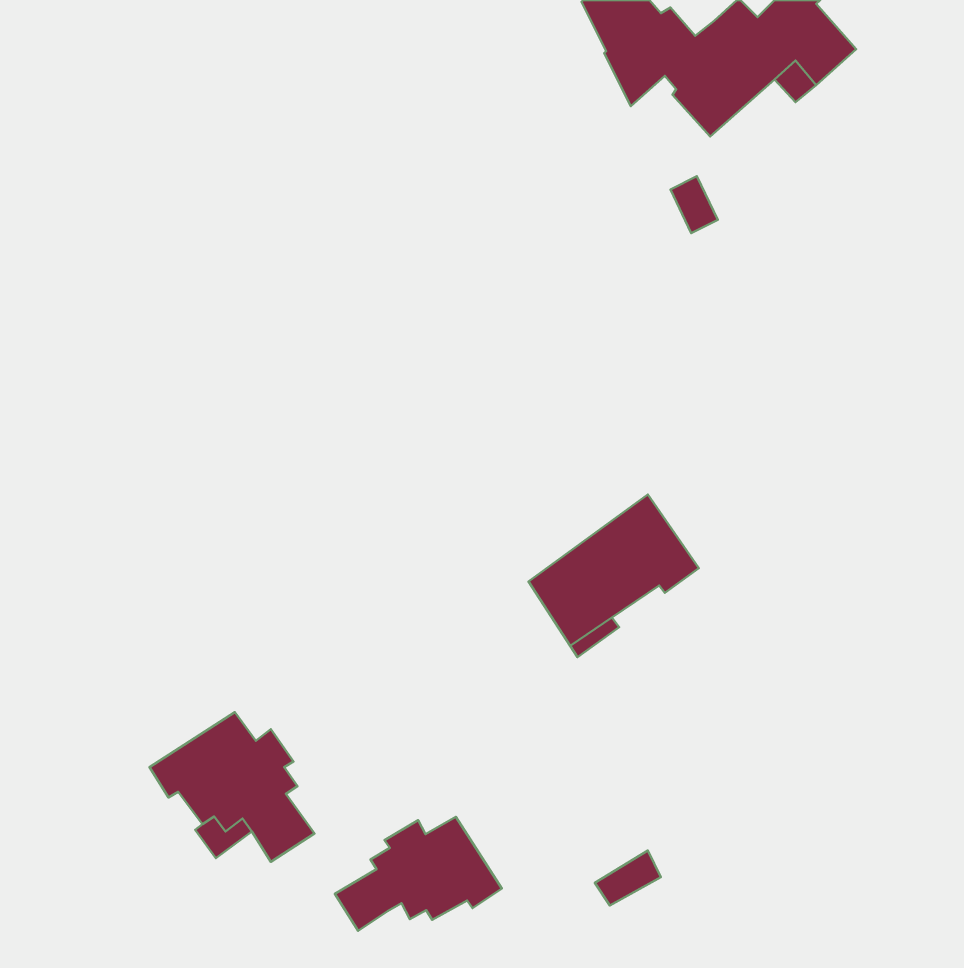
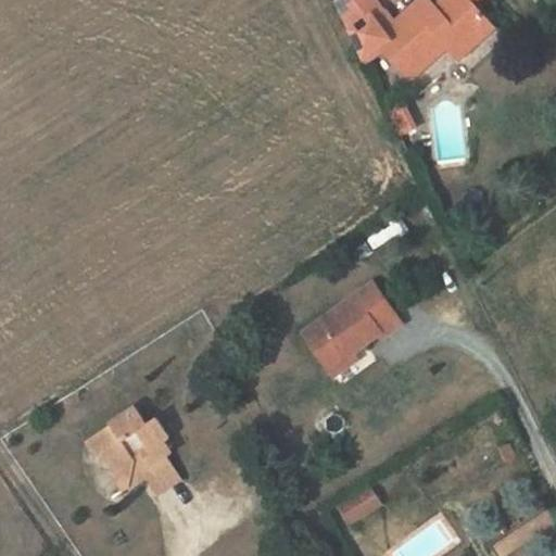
building: [335,817,502,931] -> none

